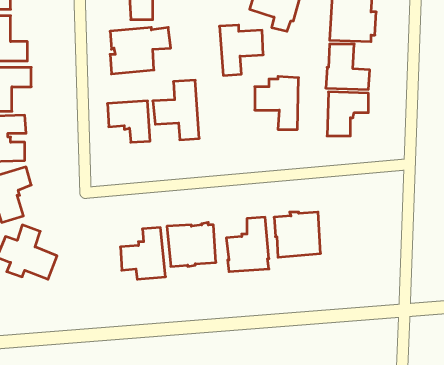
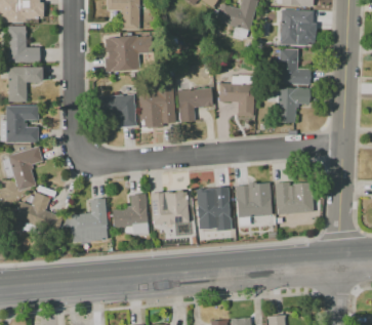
building: [219,25,263,75] -> [177,83,212,123]
building: none -> [274,180,314,214]
building: none -> [70,198,107,241]

